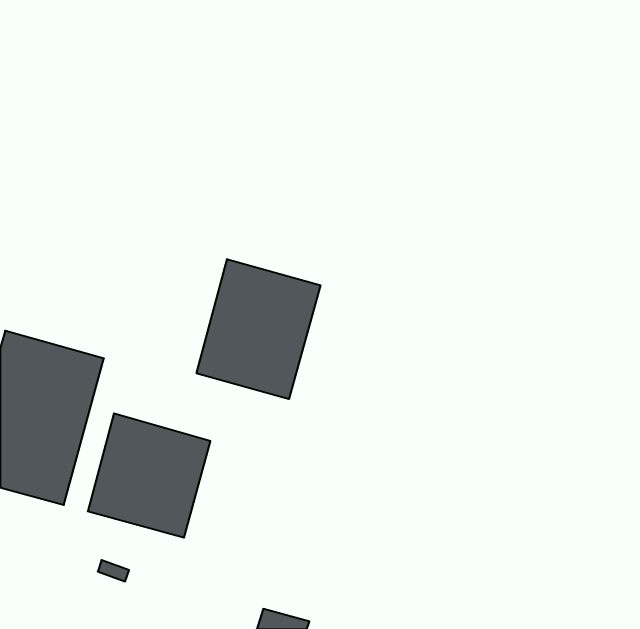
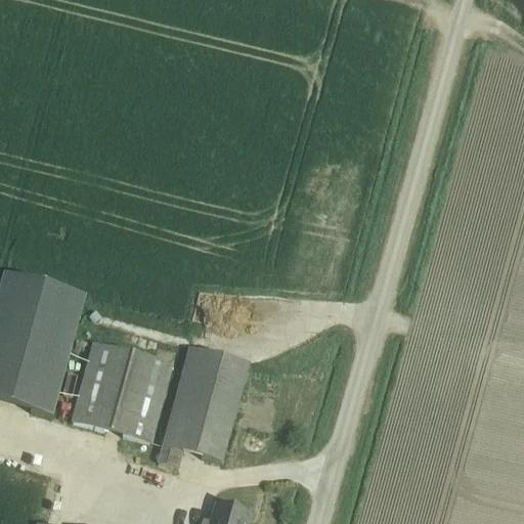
building: [197,259,320,399] -> none
building: none -> [158,344,249,464]

